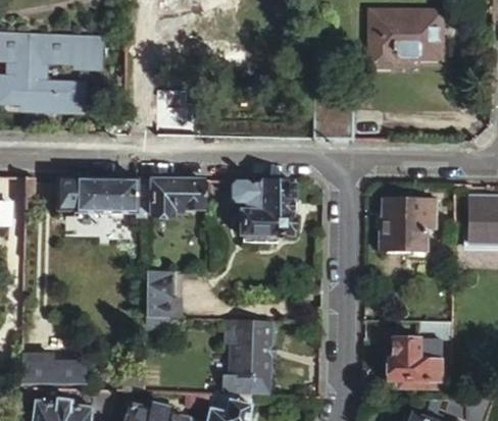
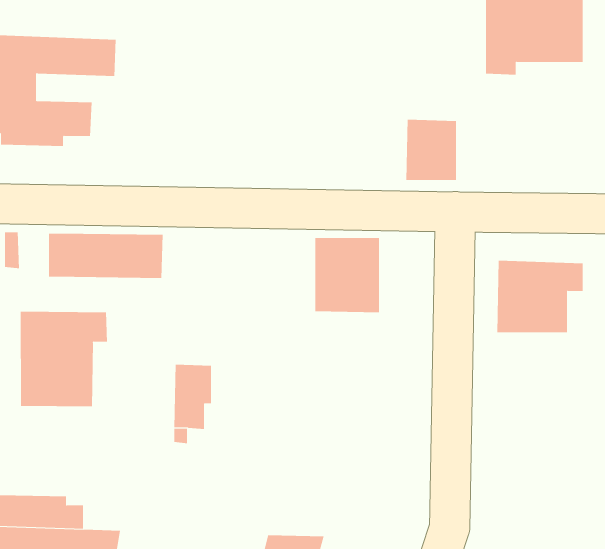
building: [149,178,203,213] -> none
building: none -> [20,311,108,407]
building: [226,318,276,375] -> none
building: [390,320,443,387] -> none

